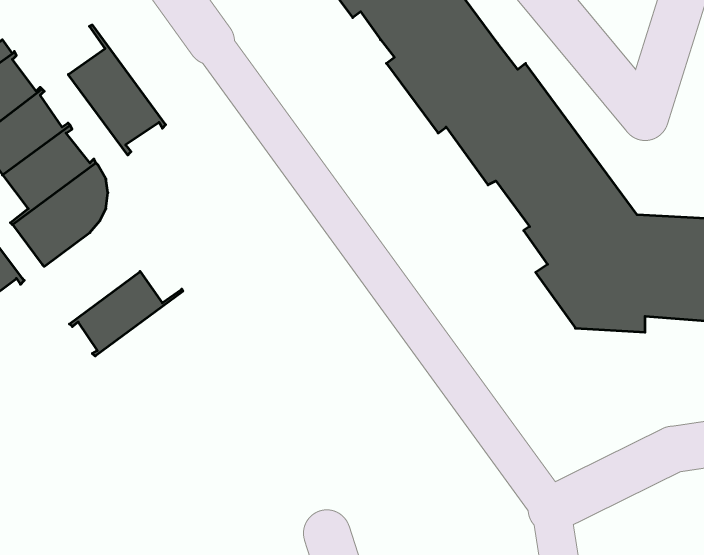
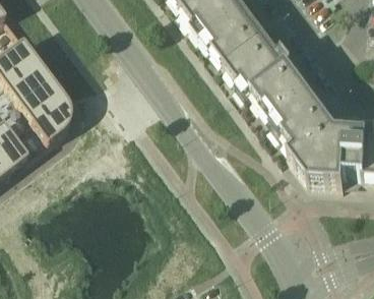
building: [68,25,166,155] -> none
building: [69,271,183,356] -> none

